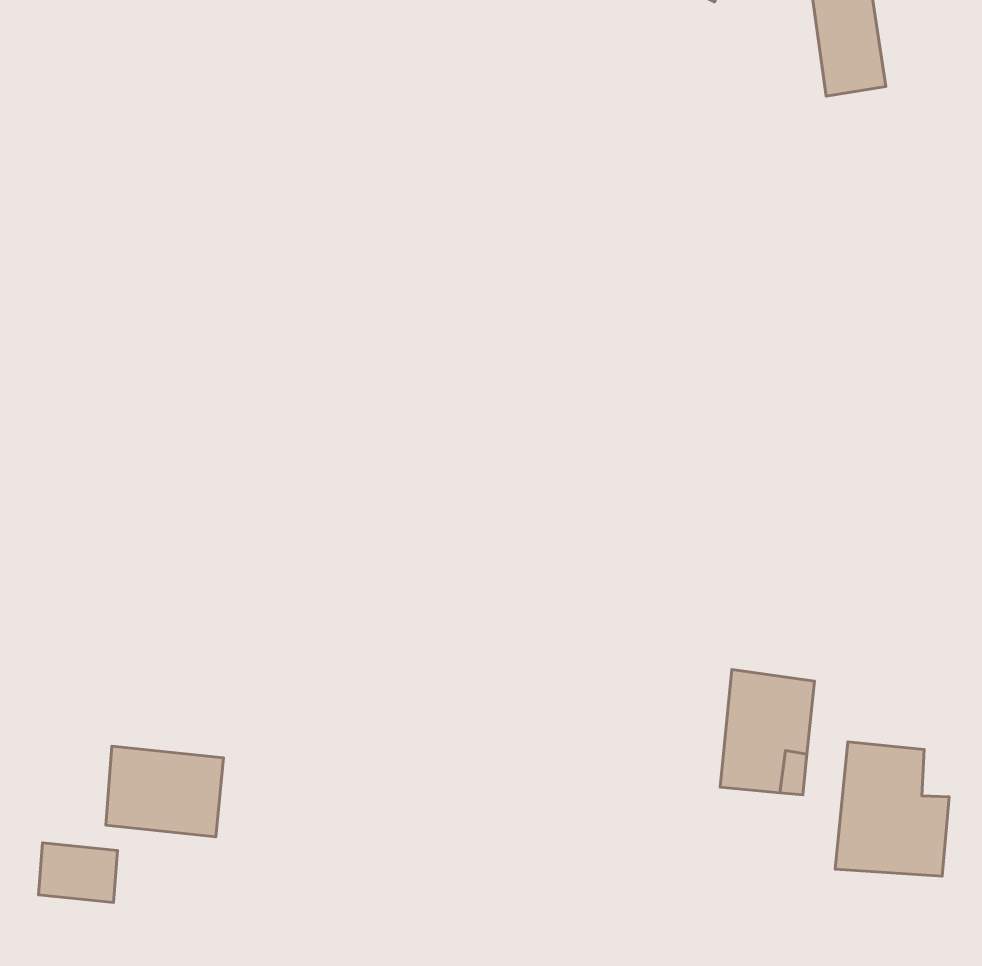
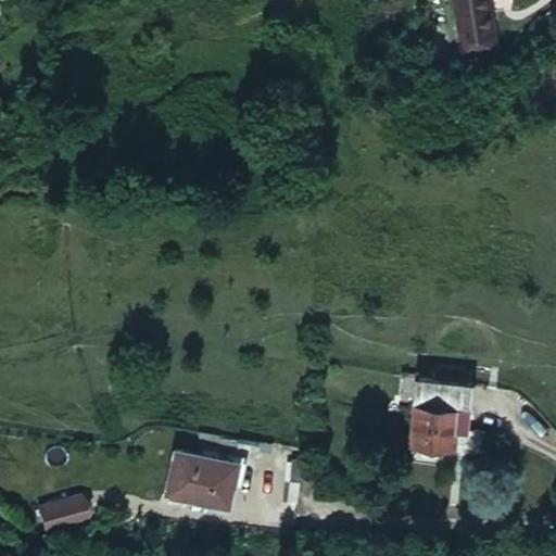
building: [835,742,949,876] -> none
building: [106,746,223,837] -> [167,466,233,517]

